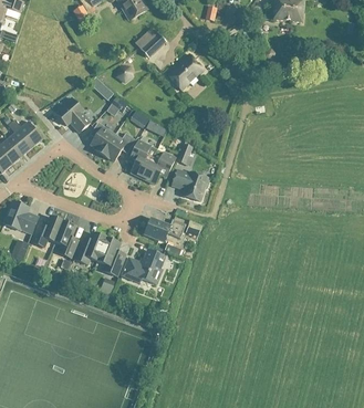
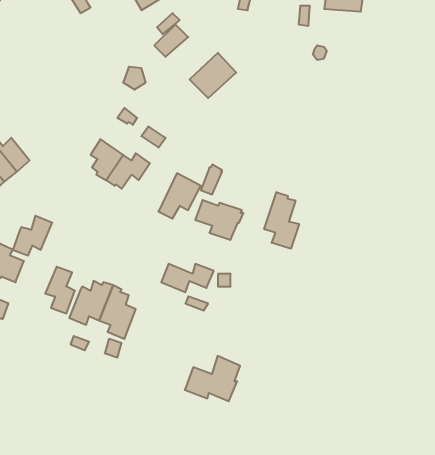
building: [55,96,90,132] -> none
building: [131,138,157,177] -> none
building: none -> [264,192,299,249]
building: [32,215,63,245] -> [13,216,52,255]
building: [122,248,165,283] -> [185,356,240,401]

